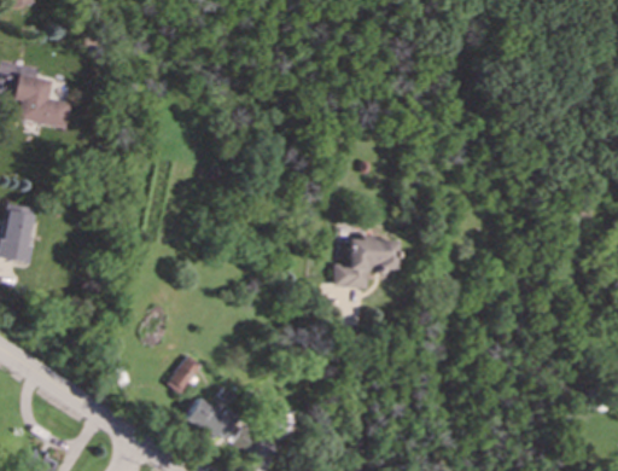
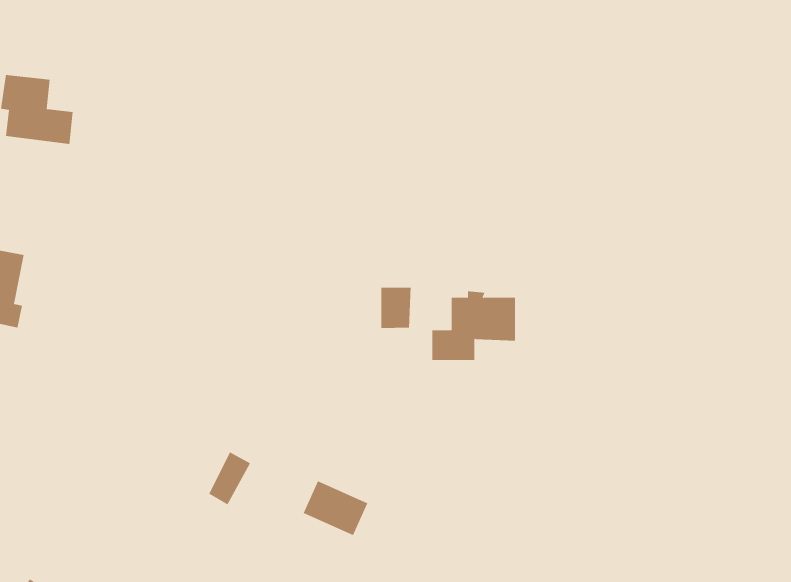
building: none -> [381,287,411,329]
building: [186,399,234,440] -> [303,481,368,536]

